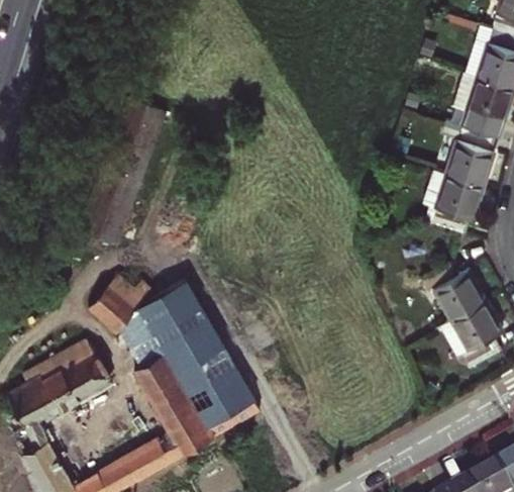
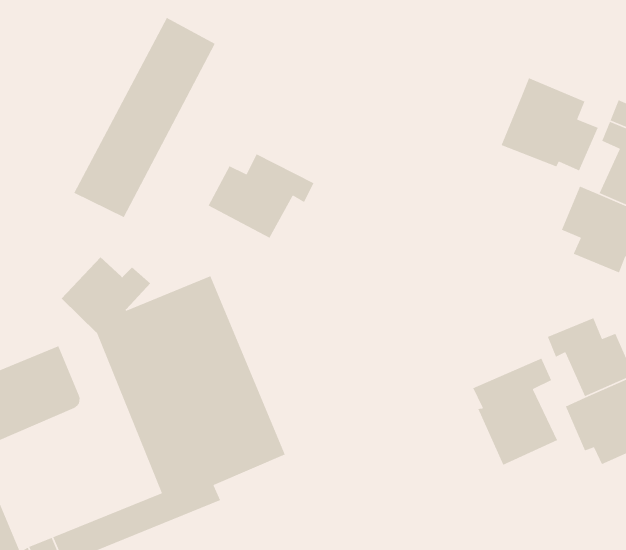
building: none -> [500,77,601,172]
building: none -> [208,153,314,239]
building: none -> [472,357,558,466]

